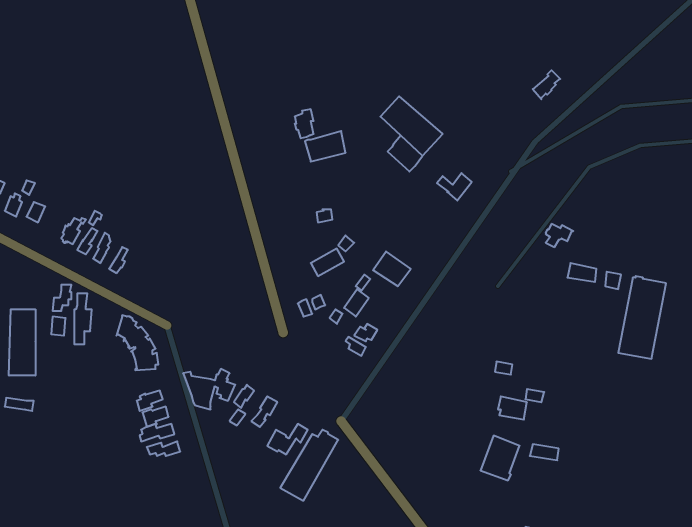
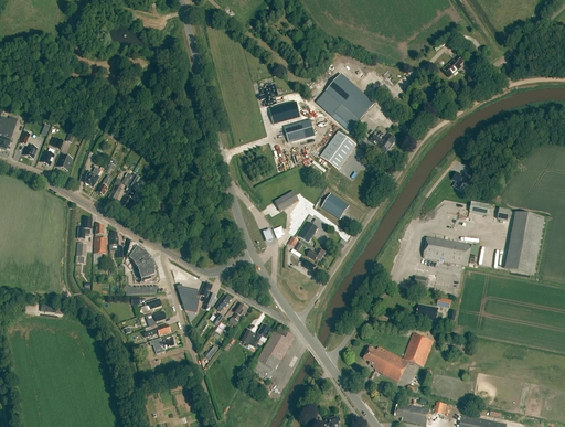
building: none -> [284,119,315,142]
building: none -> [319,130,355,169]
building: [9,309,35,376] -> none
building: none -> [422,236,470,265]
building: none -> [363,345,407,382]

